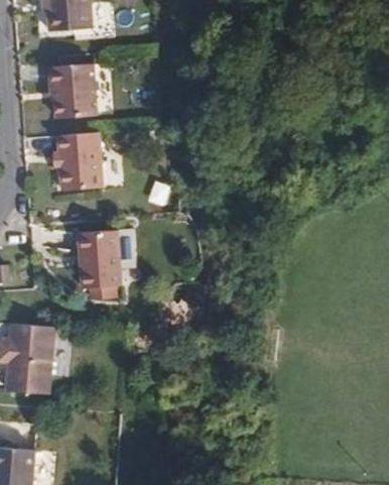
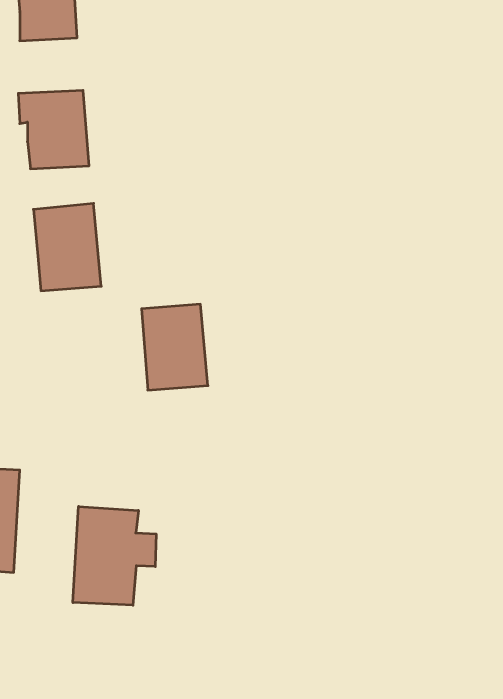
building: [75,228,119,285] -> [142,304,208,390]
building: none -> [73,506,156,605]

